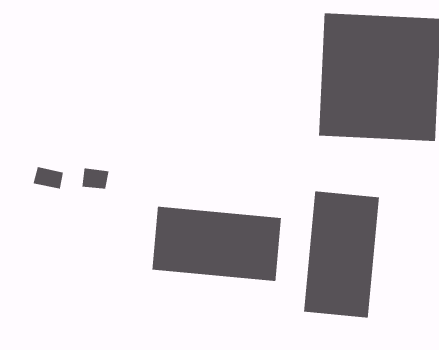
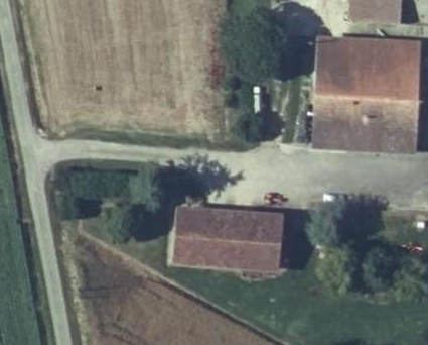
building: [303,191,380,319] -> none

